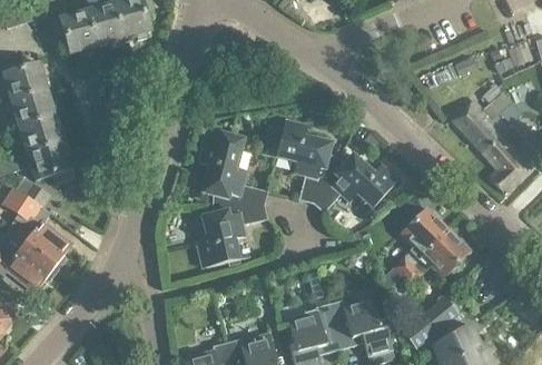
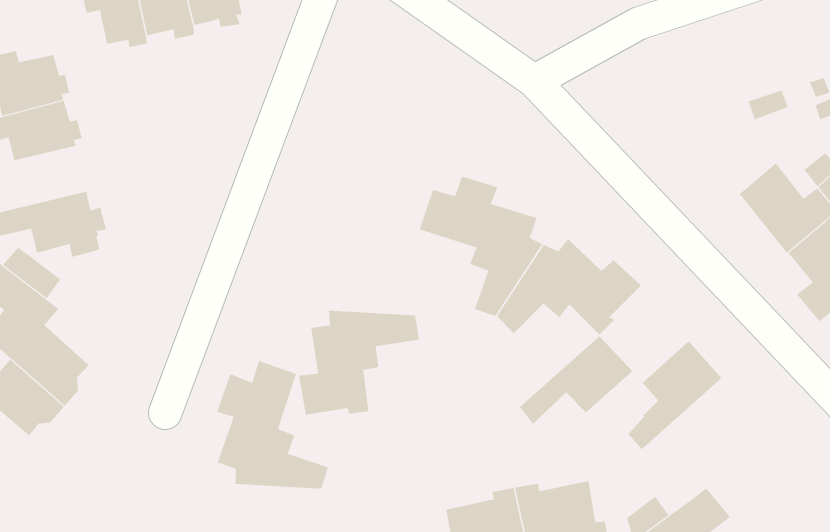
building: [19,115,67,152] -> none
building: [198,129,267,204] -> [216,360,329,489]
building: [403,230,470,286] -> [519,335,633,425]

